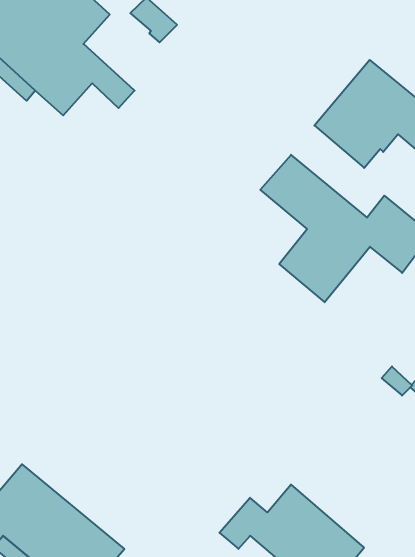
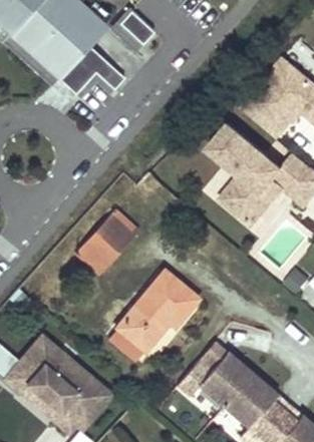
building: none -> [80,210,141,274]
building: none -> [118,272,197,349]

